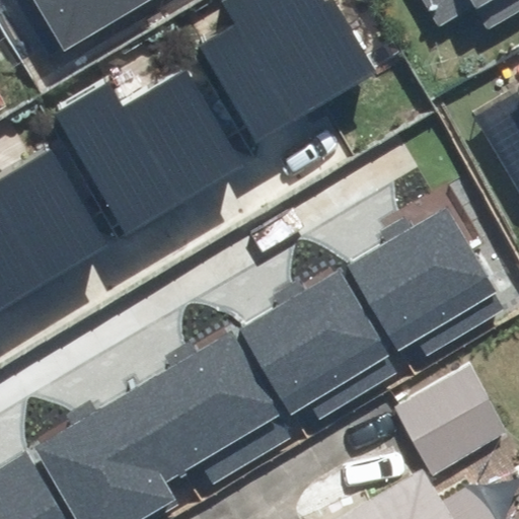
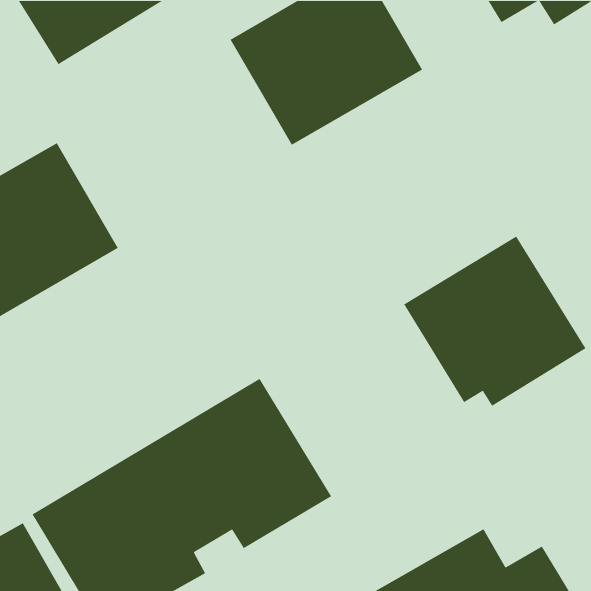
building: [59,53,242,211] -> none
building: [235,274,396,423] -> none
building: [390,362,503,473] -> none

